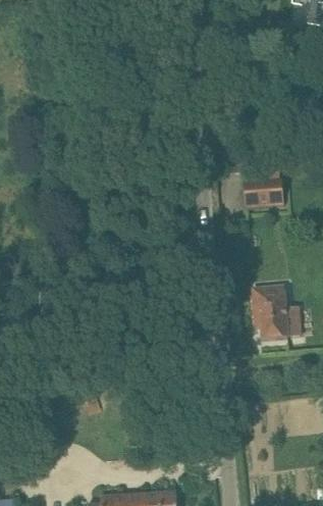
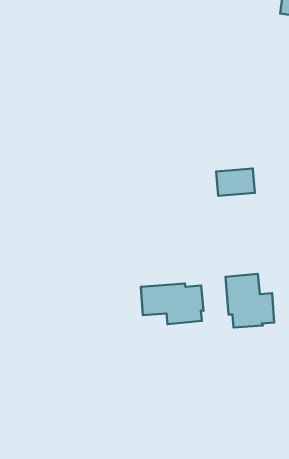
building: none -> [141,283,203,324]

